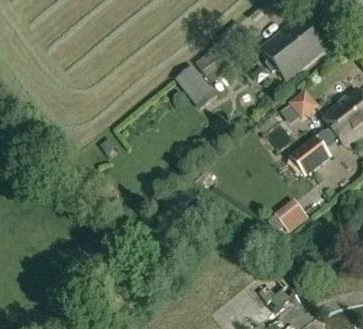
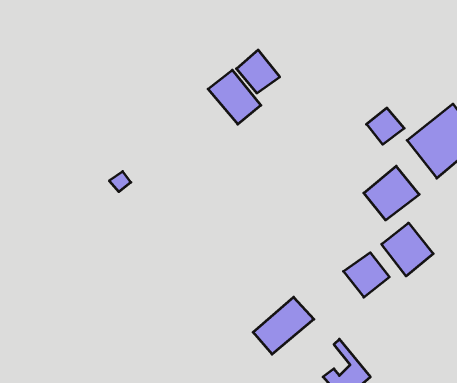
building: [261,17,325,80] -> none
building: none -> [382,223,433,276]
building: none -> [253,297,314,354]

